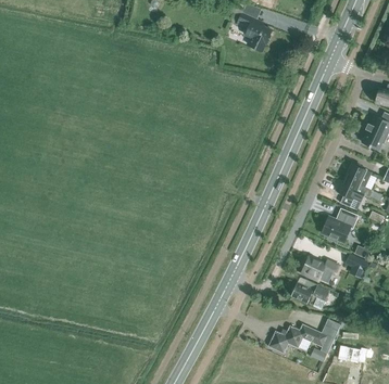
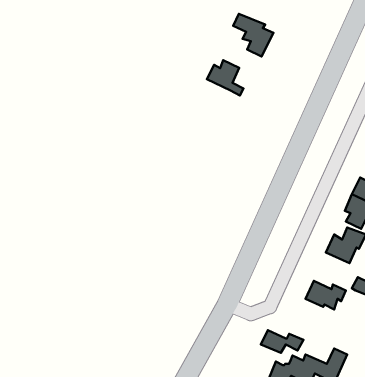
building: none -> [207,60,243,96]
building: [291,283,330,304] -> [261,330,304,353]

